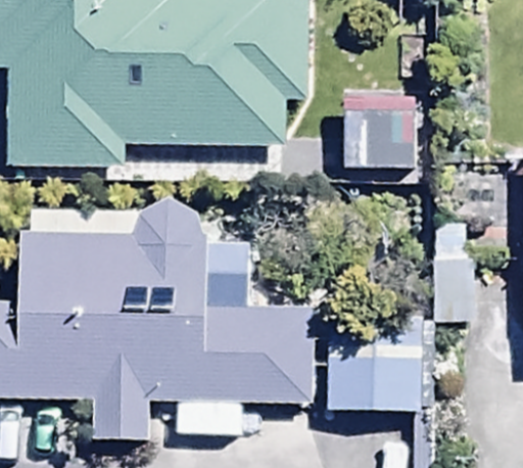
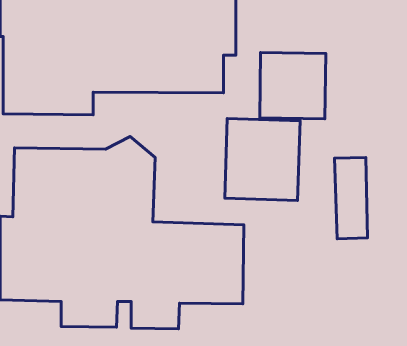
building: none -> [225,118,300,200]
building: [326,314,426,411] -> none

